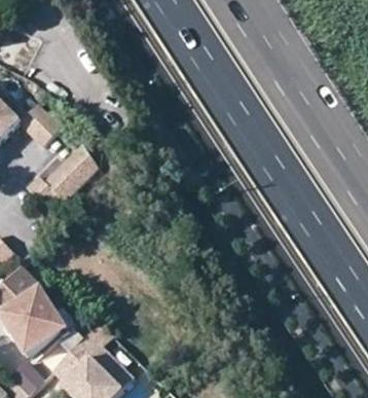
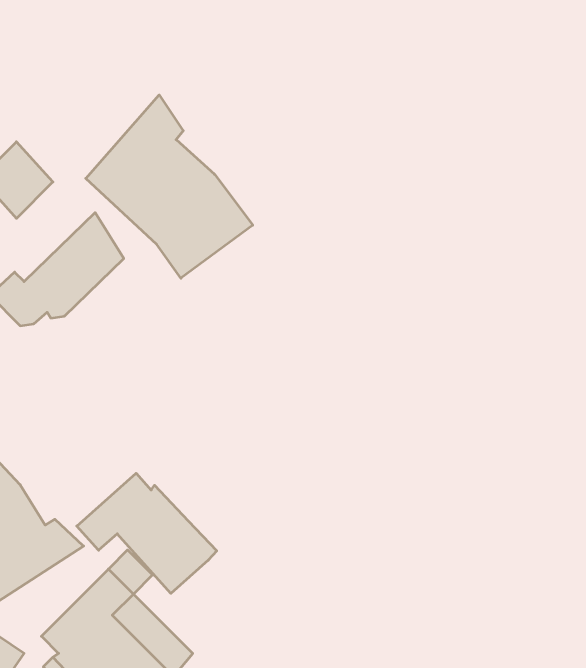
building: none -> [86,95,253,278]
building: none -> [77,473,217,593]

